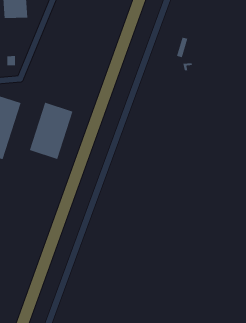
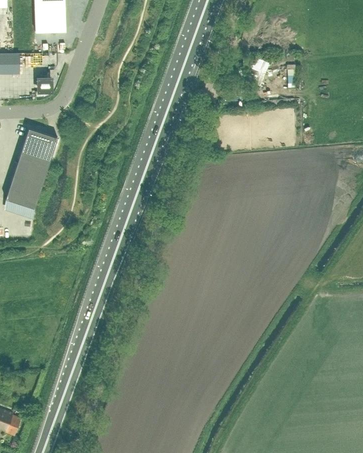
building: [29,102,73,160] -> none

